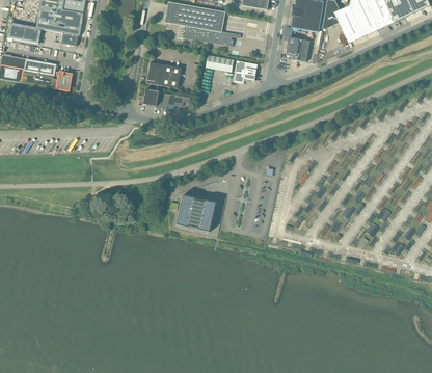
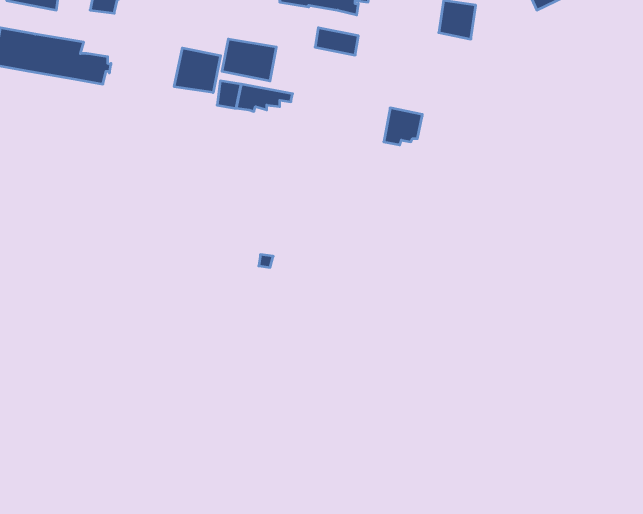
building: [233,59,258,83] -> [384,108,422,145]
building: none -> [174,48,221,93]
building: [176,194,215,232] -> none

